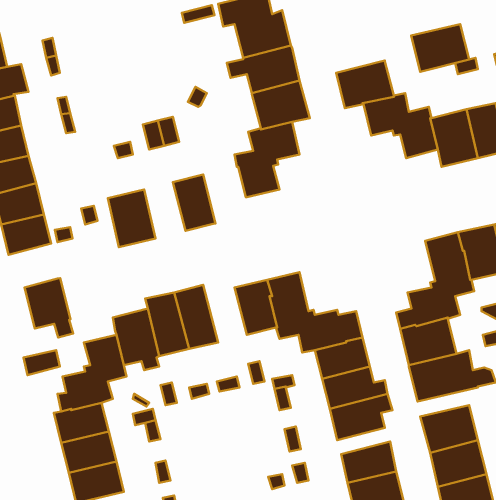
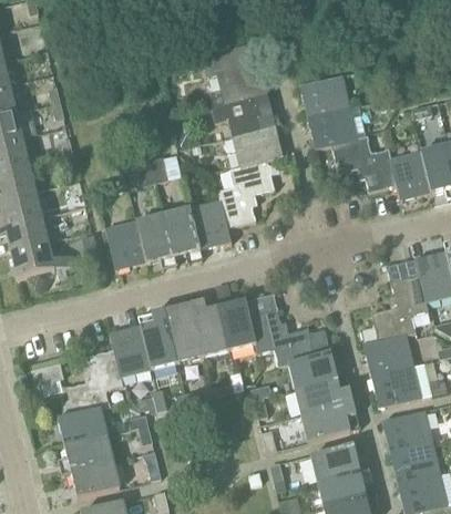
building: [411,24,469,72] -> [299,75,350,117]
building: none -> [189,201,232,250]
building: none -> [137,214,174,264]
building: [25,278,73,337] -> none
building: none -> [189,301,228,356]

